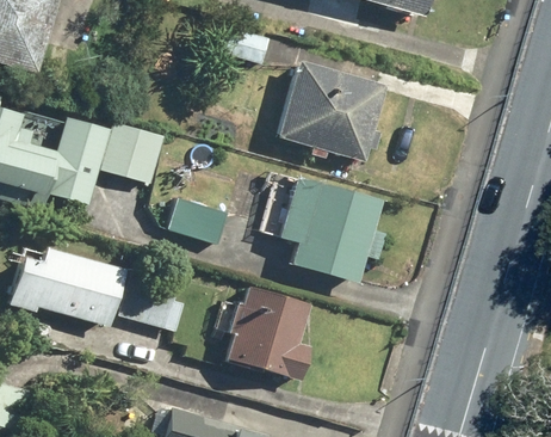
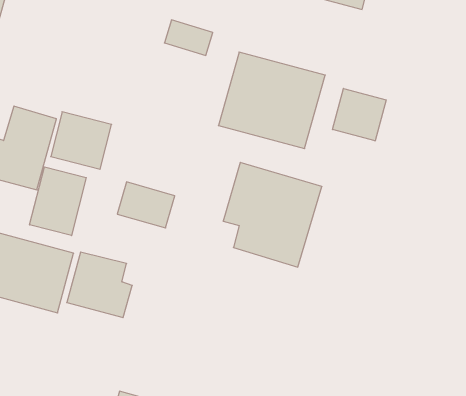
building: none -> [333,88,386,141]
building: none -> [30,167,86,236]
building: [225,284,310,383] -> none

